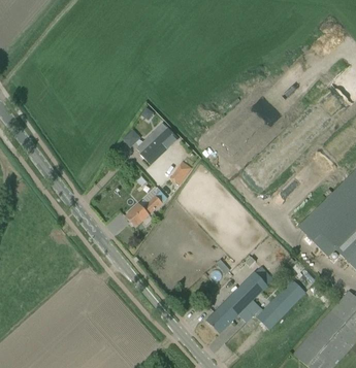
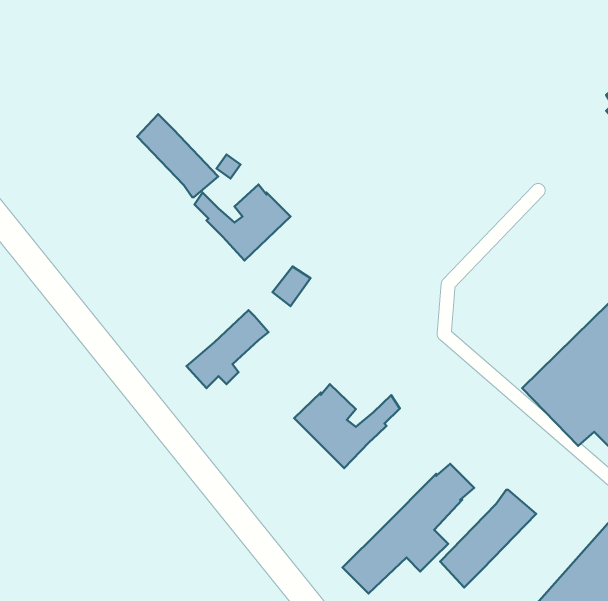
building: none -> [137,114,218,197]
building: none -> [294,384,400,468]

